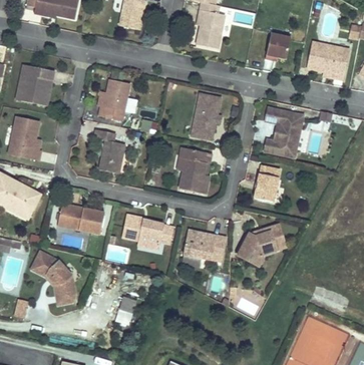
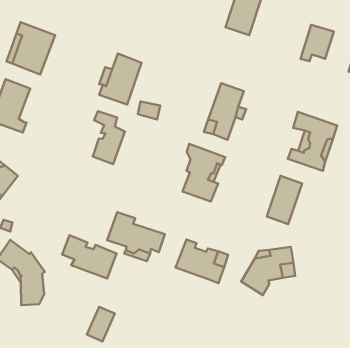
building: [58,202,104,234] -> [62,235,117,278]

